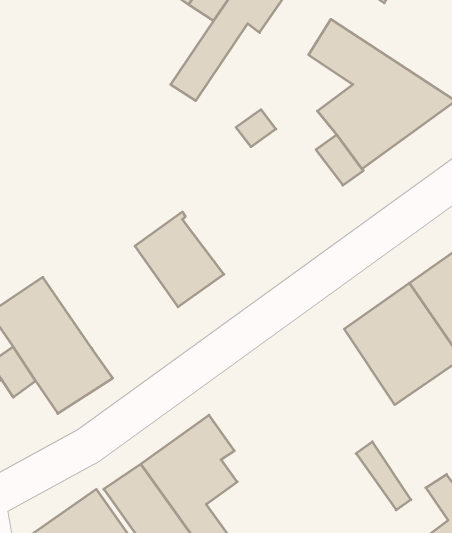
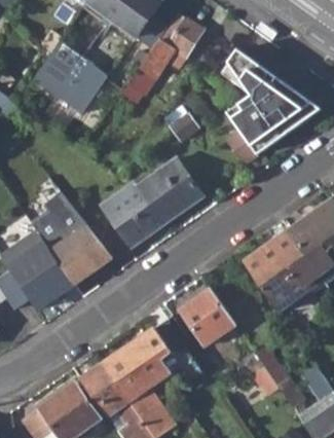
building: none -> [34,44,109,116]
building: none -> [132,159,200,226]
building: none -> [31,191,103,278]
building: none -> [177,287,232,343]

